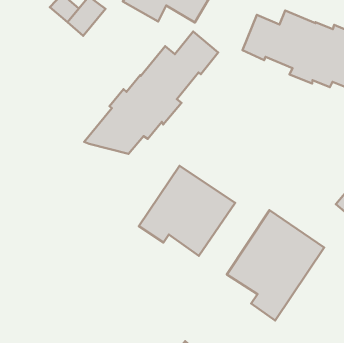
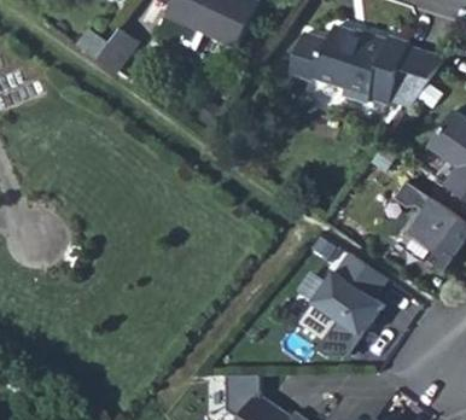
building: [84,32,218,154] -> none
building: [139,166,235,256] -> none

